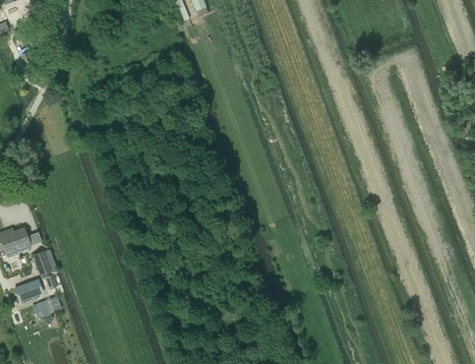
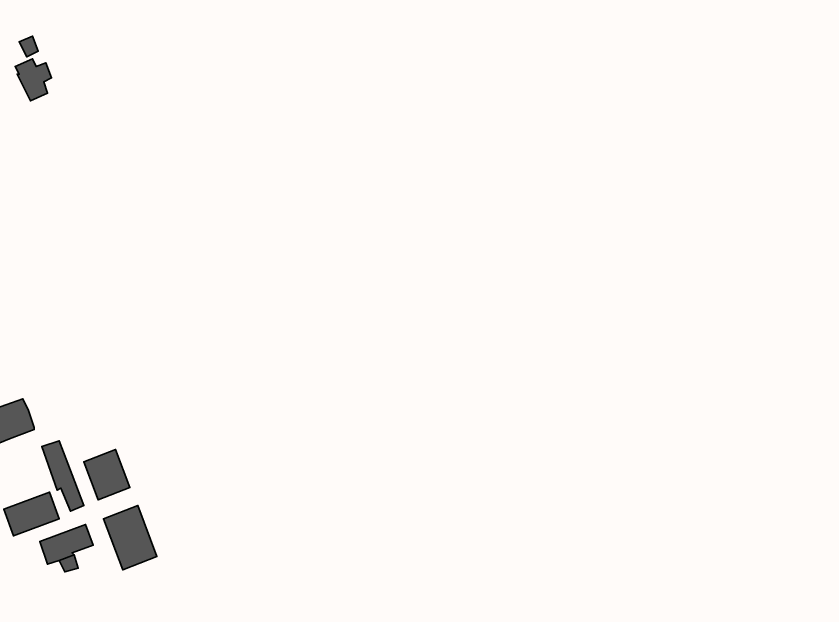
building: none -> [84,450,130,500]
building: none -> [104,505,157,570]

